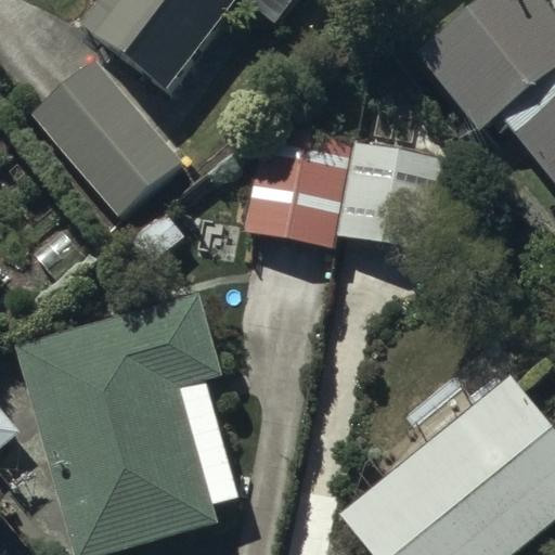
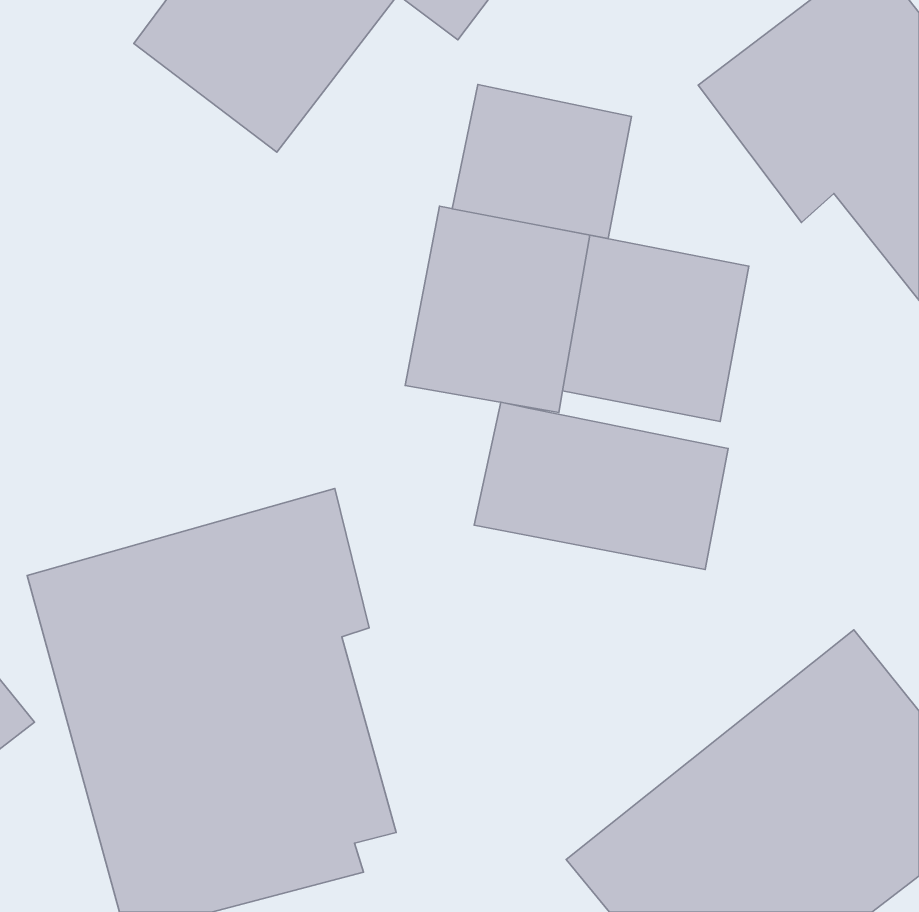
building: none -> [452,84,631,239]
building: [31,59,182,217] -> none
building: none -> [474,402,728,569]

